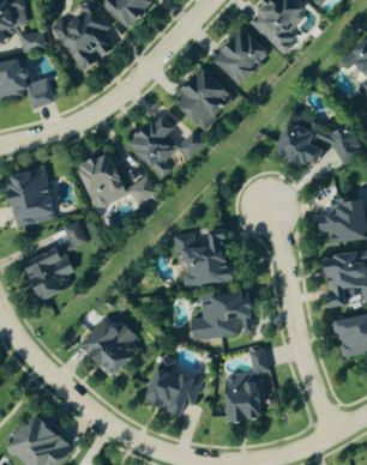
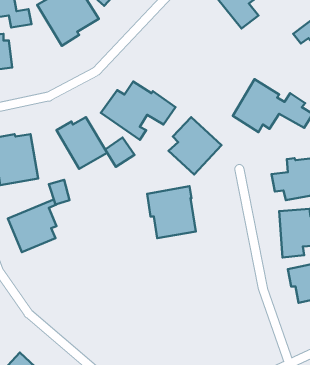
building: [213,29,261,87] -> none
building: [173,67,231,131] -> [168,117,221,174]
building: [25,78,54,108] -> none
building: [187,290,251,342] -> none
building: [77,320,142,378] -> none
building: [219,350,269,422] -> none
building: [142,364,200,418] -> none

